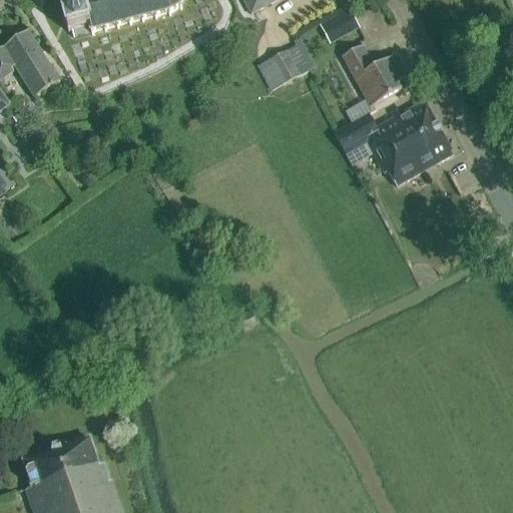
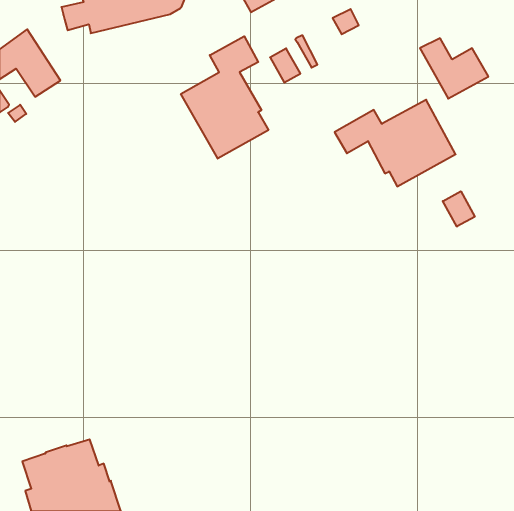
building: none -> [181,36,268,159]
building: [342,45,410,105] -> [420,38,488,99]
building: none -> [443,191,475,227]

